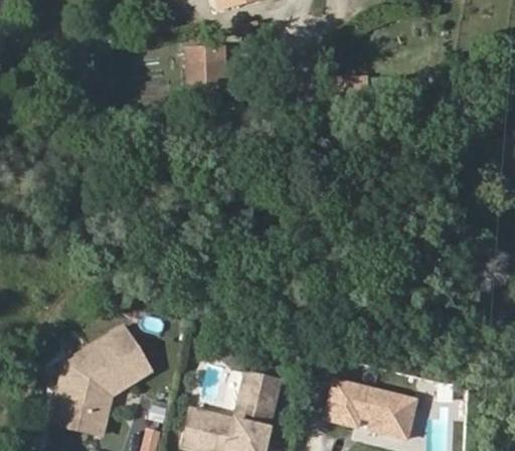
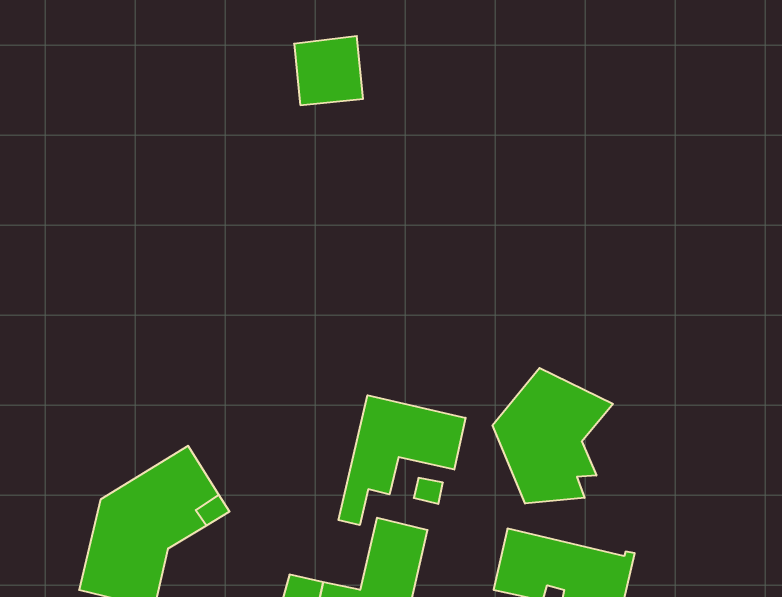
building: none -> [493,368,613,504]
building: none -> [338,395,466,525]

